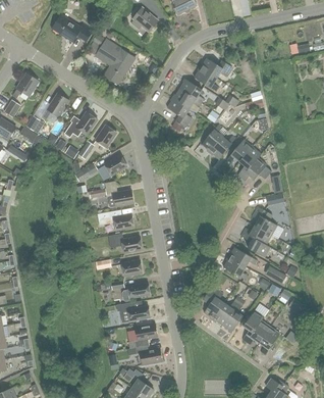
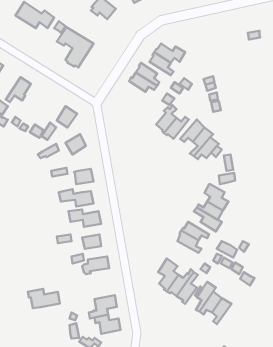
building: [166,97,191,132] -> none
building: [64,111,97,137] -> none
building: [116,302,150,322] -> [28,289,60,308]

